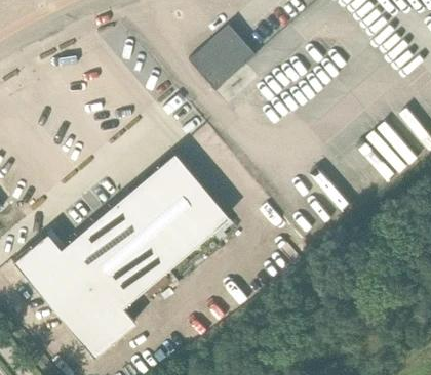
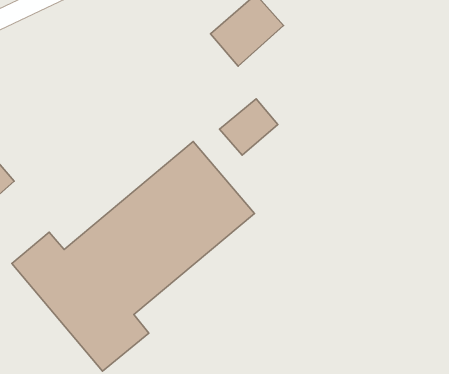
building: none -> [220,99,278,155]

